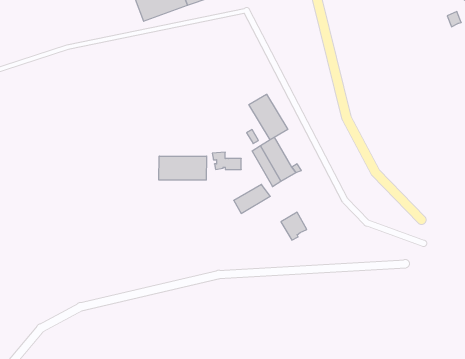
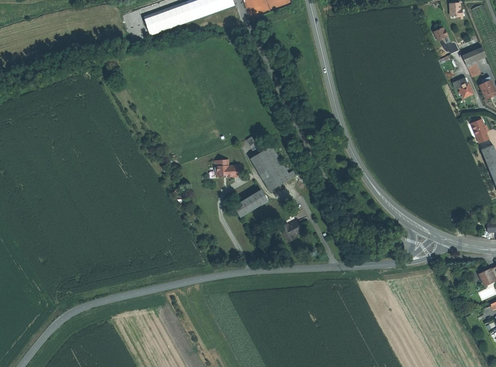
building: [249,94,288,140] -> none
building: [159,156,207,180] -> none

